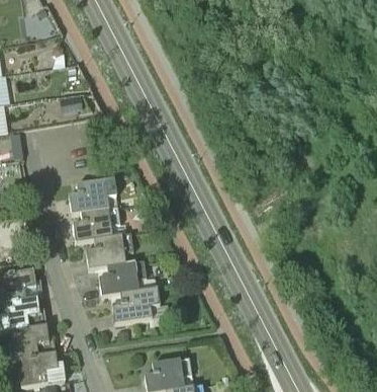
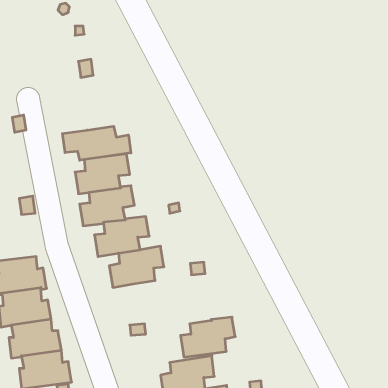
building: none -> [62,126,131,160]
building: [111,287,160,322] -> [181,317,235,357]

